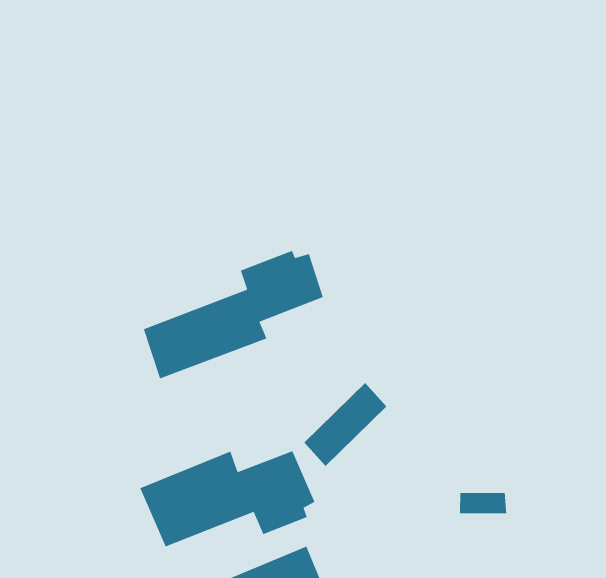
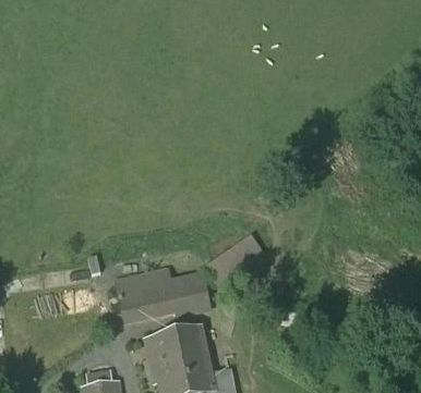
building: [143,250,324,379] -> none

